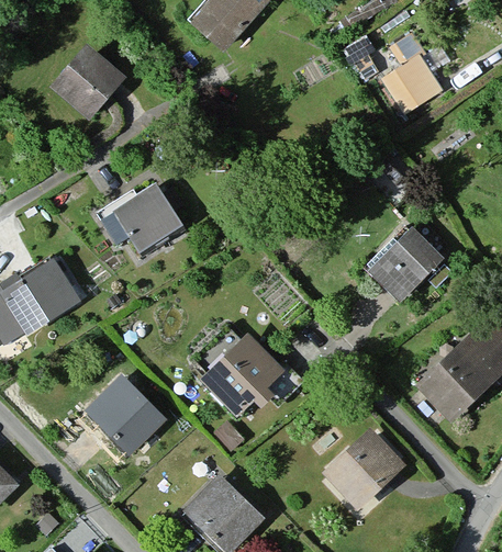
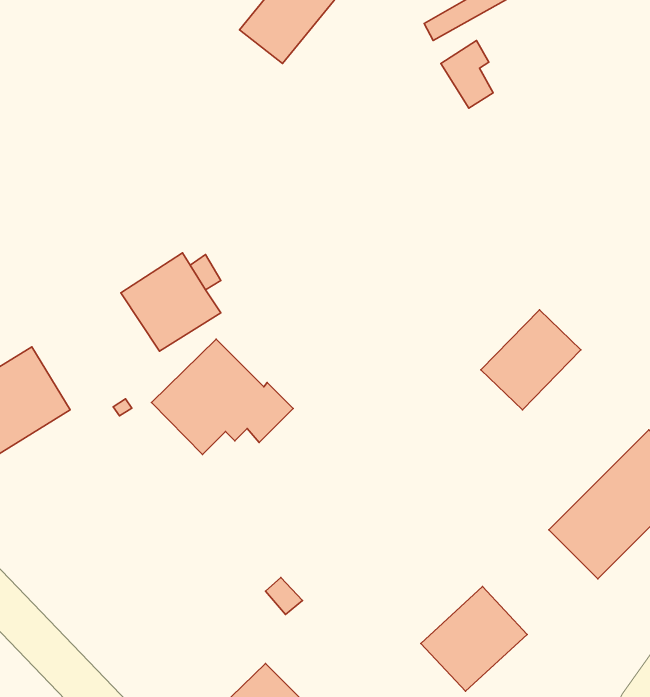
building: [381,36,437,115] -> none
building: [53,50,122,121] -> none
building: [200,328,301,410] -> [152,339,293,455]
building: [89,374,161,447] -> none

